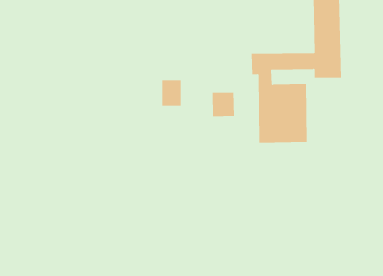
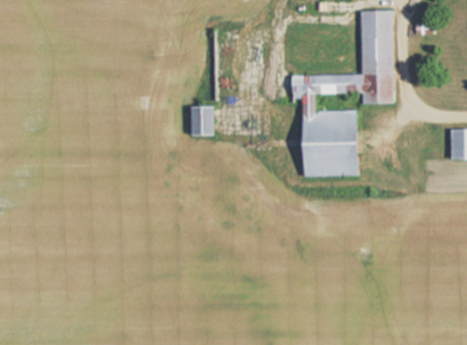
building: [212,92,234,117] -> none

